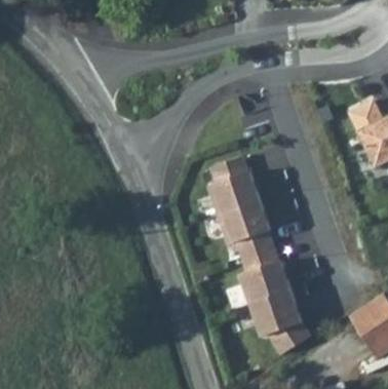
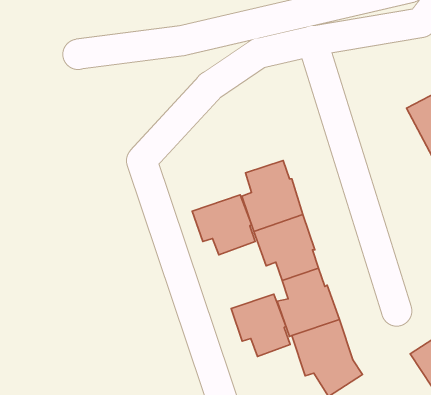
building: none -> [192,195,255,255]
building: none -> [231,294,290,356]

